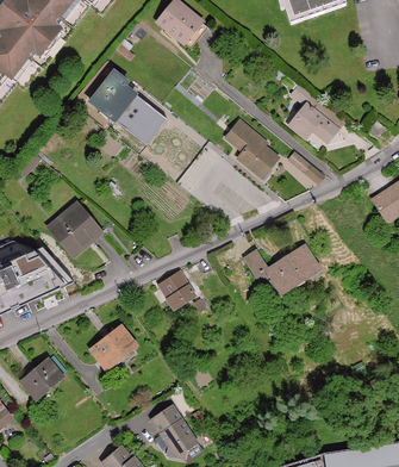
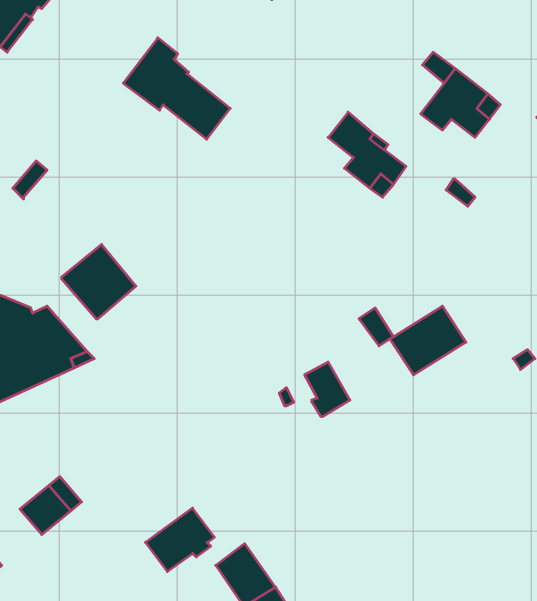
building: [162,273,192,309] -> [305,362,350,416]
building: [89,326,135,368] -> [145,508,214,572]

